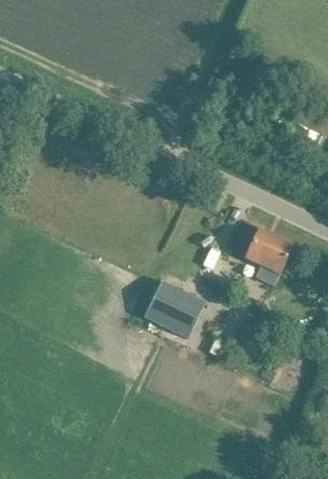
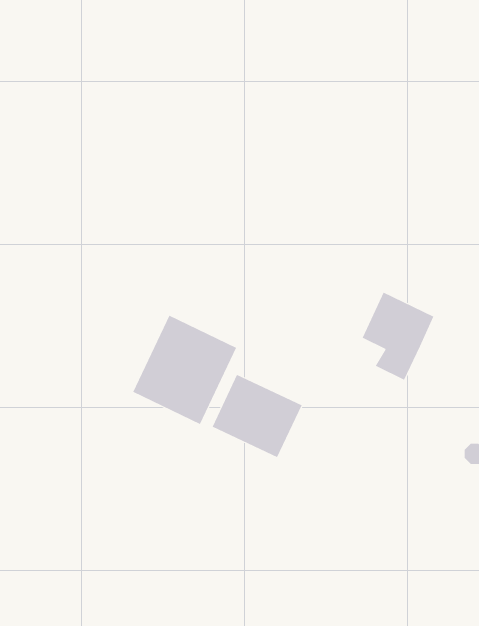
building: none -> [132,315,237,425]

